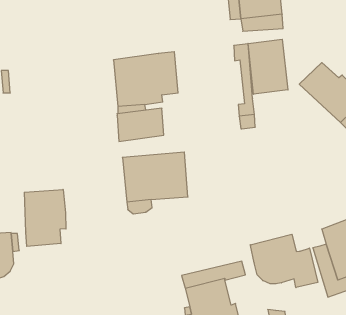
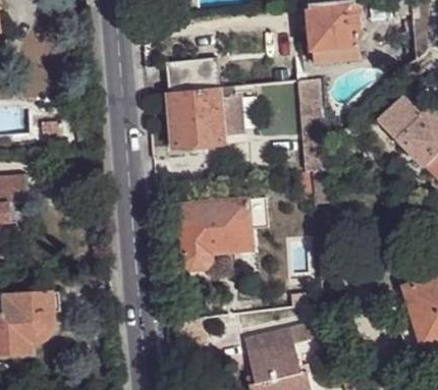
building: [248,39,288,94] -> none
building: [117,108,164,141] -> [165,57,218,95]
building: [24,189,66,246] -> none
building: [250,234,318,288] -> none

